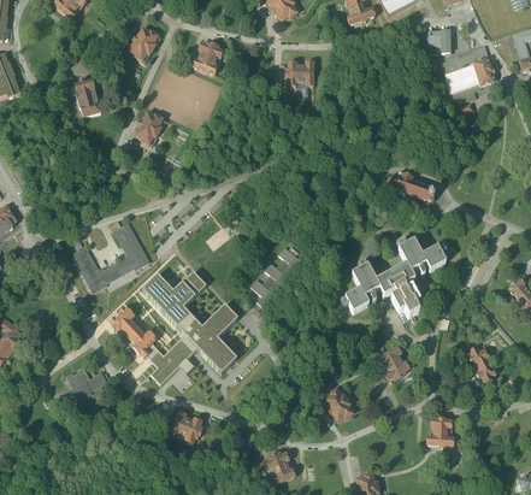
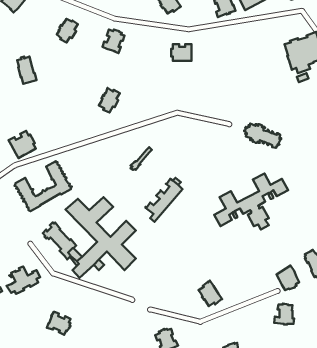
building: [420,30,450,53] -> none
building: [134,111,163,145] -> [99,88,120,113]
building: none -> [9,131,36,158]
building: [377,346,408,379] -> [276,266,299,290]
building: [169,412,201,443] -> [47,312,70,335]

